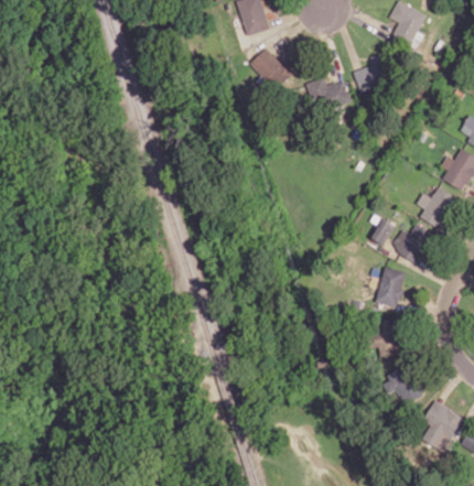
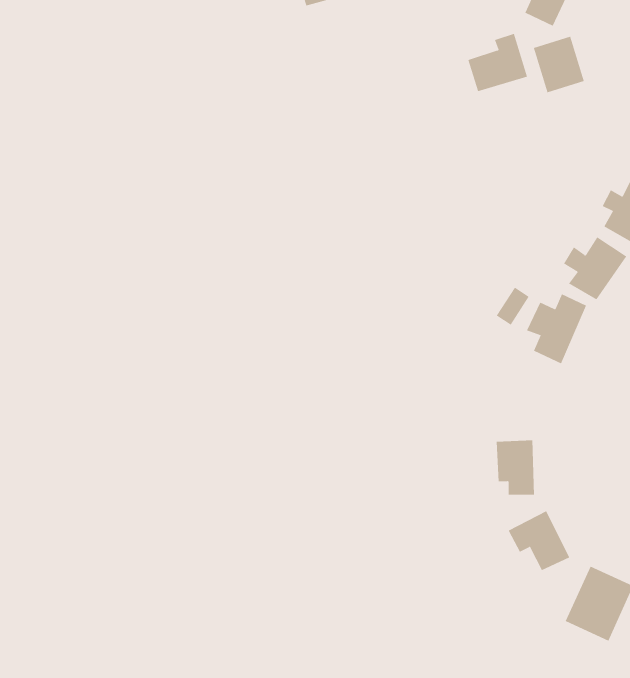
building: [249,44,295,89] -> none
building: none -> [533,36,585,93]
building: [306,77,351,110] -> none
building: [378,268,405,306] -> none

